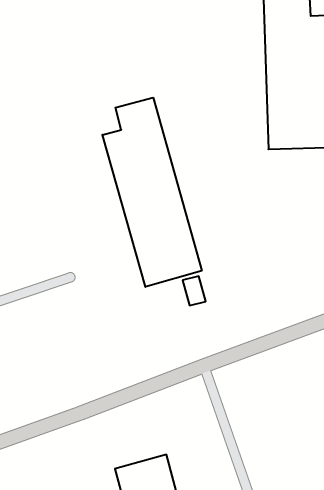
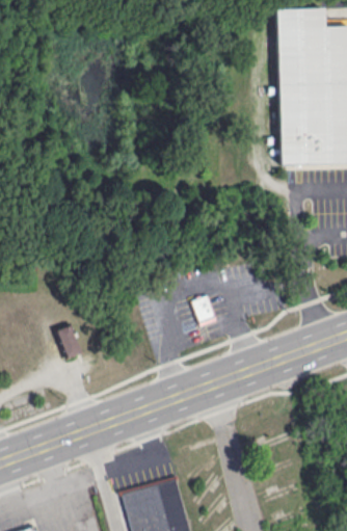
building: [102,98,202,287] -> none
building: none -> [57,325,82,360]

